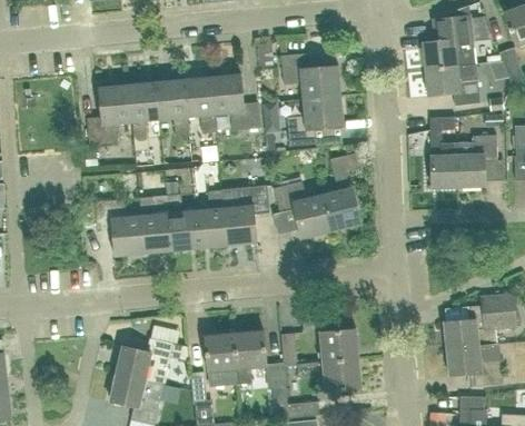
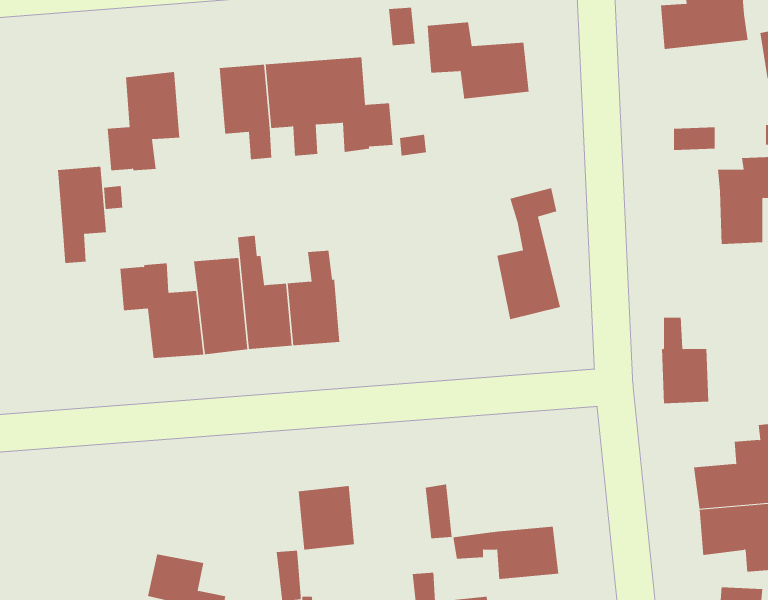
building: [424,63,479,105] -> none
building: [128,80,158,139] -> [57,166,107,264]
building: [287,95,345,145] -> none
building: [429,136,458,188] -> [661,317,709,404]
building: [273,181,330,239] -> none
building: [225,186,268,246] -> none
building: [318,327,357,360] -> none
building: [234,329,265,384] -> none
building: [117,337,189,379] -> none

